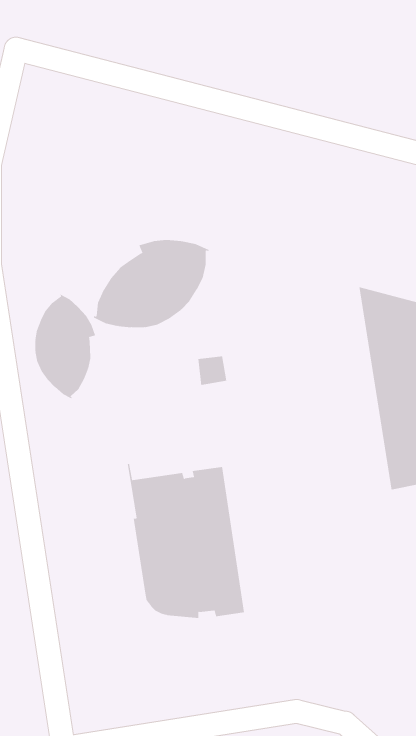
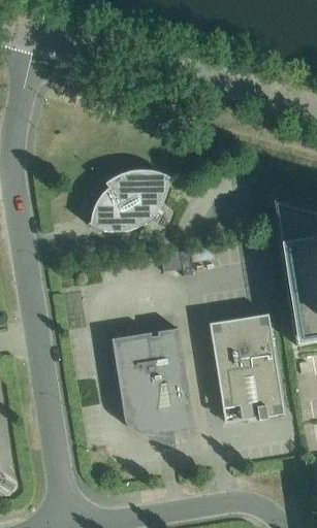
building: [35,293,96,399] -> none
building: none -> [209,314,284,421]

